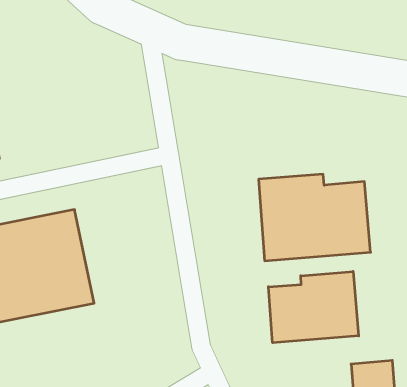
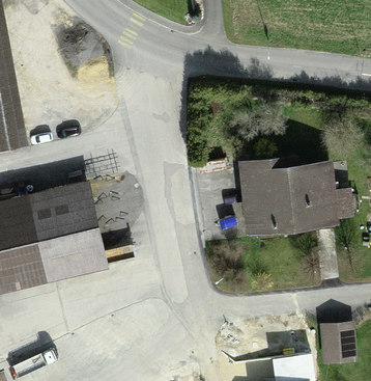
building: [268,271,359,343] -> none

